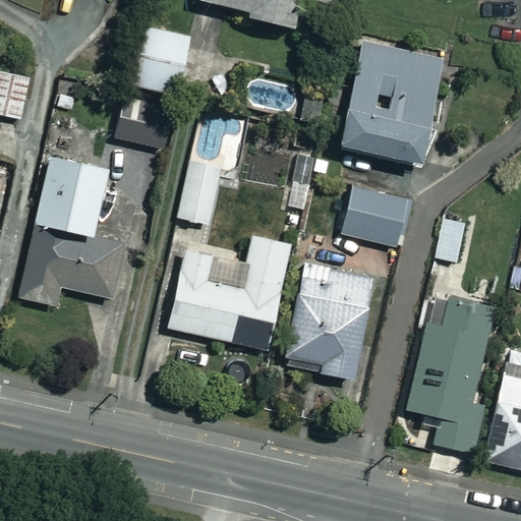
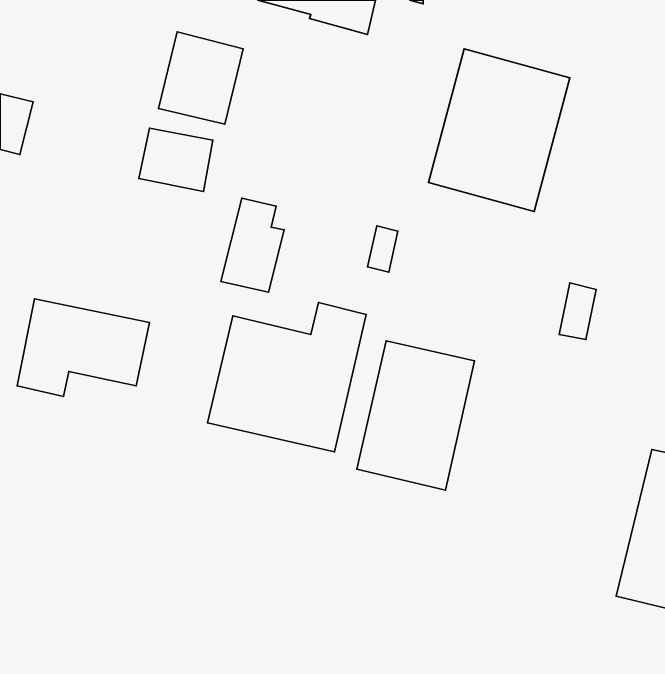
building: [37,155,100,233] -> none
building: [342,187,412,247] -> none
building: [406,297,494,453] -> none

